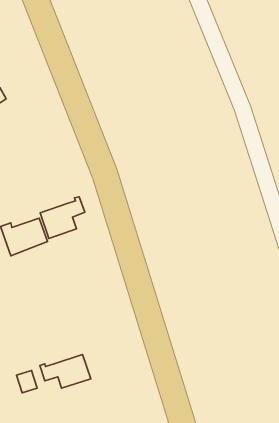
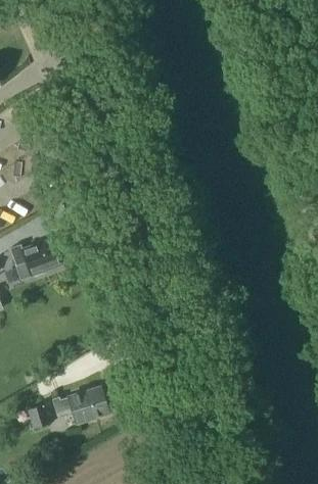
building: [40,197,85,239] -> none

